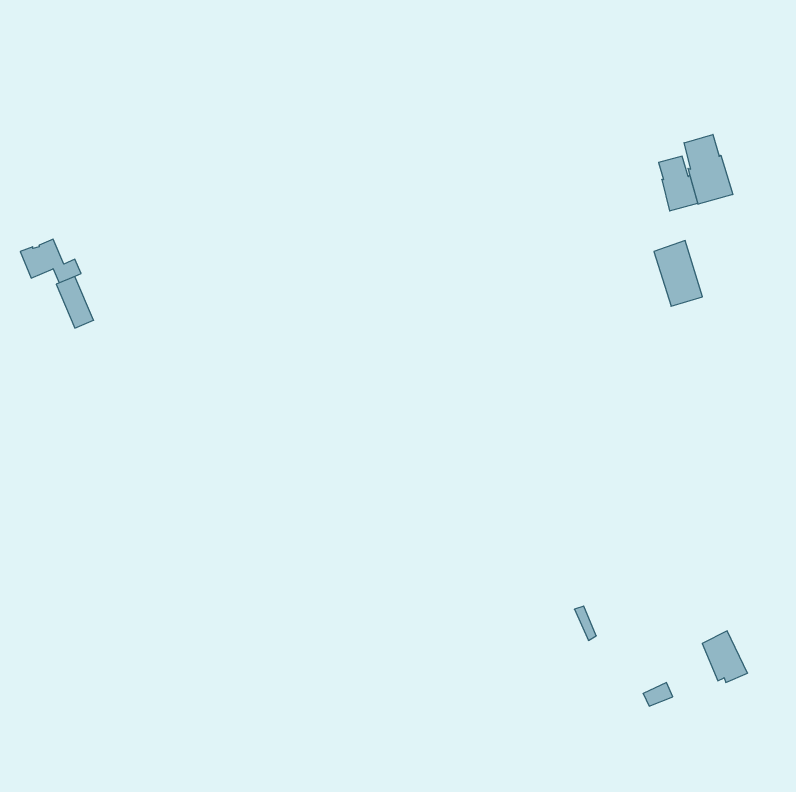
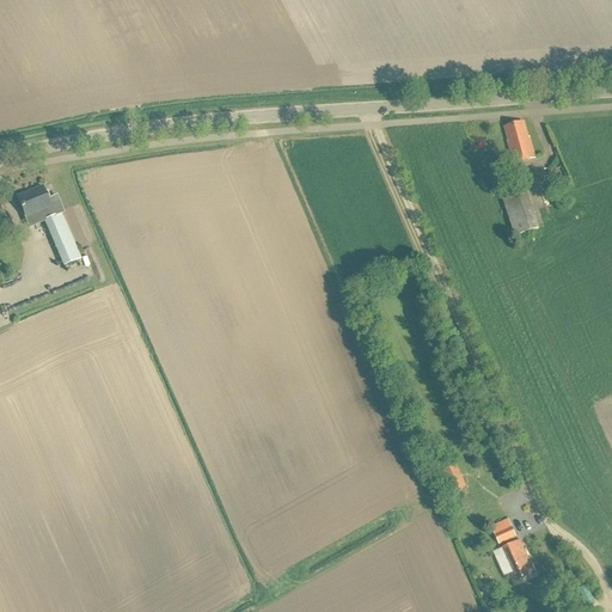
building: [684,134,733,204] -> none
building: [702,631,748,682] -> [500,537,534,576]

